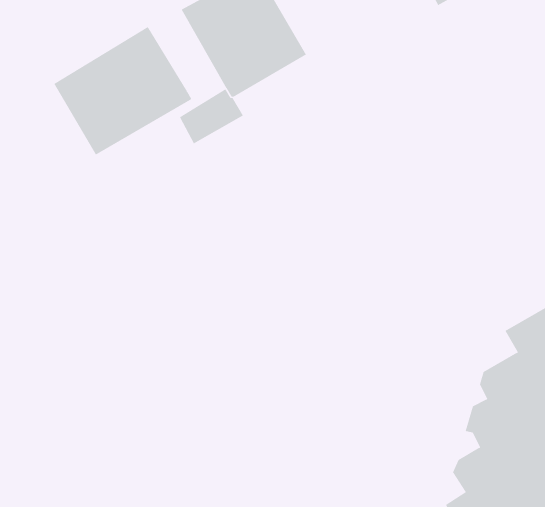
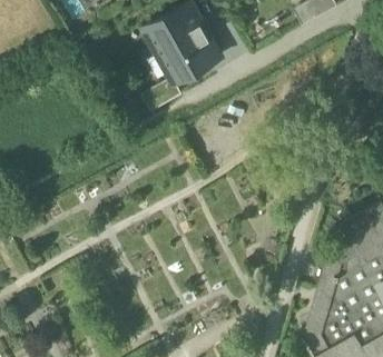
building: [54,26,192,156] -> none

